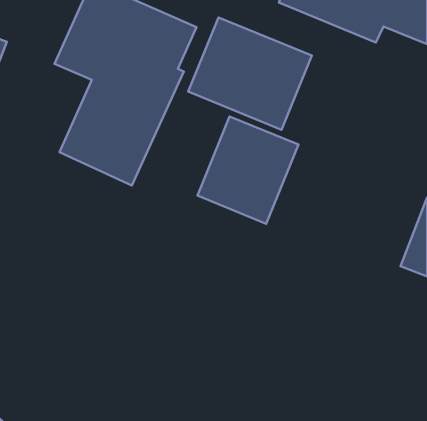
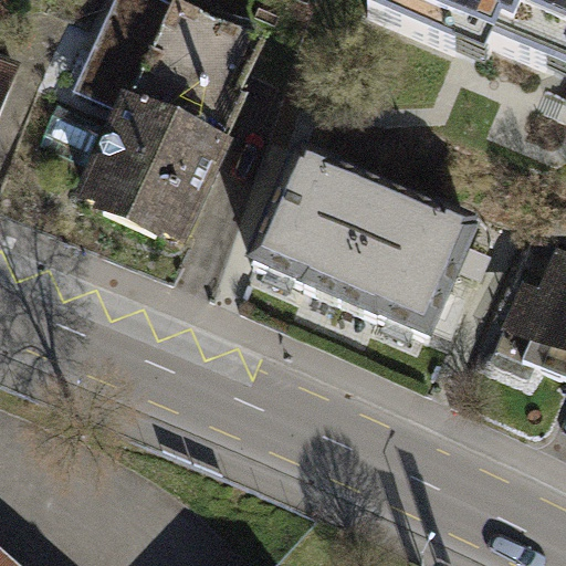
building: [188,17,312,130] -> none
building: none -> [346,188,476,327]

